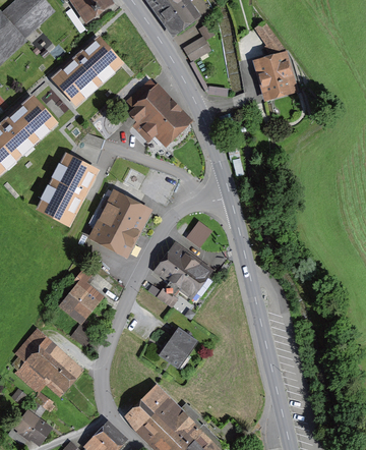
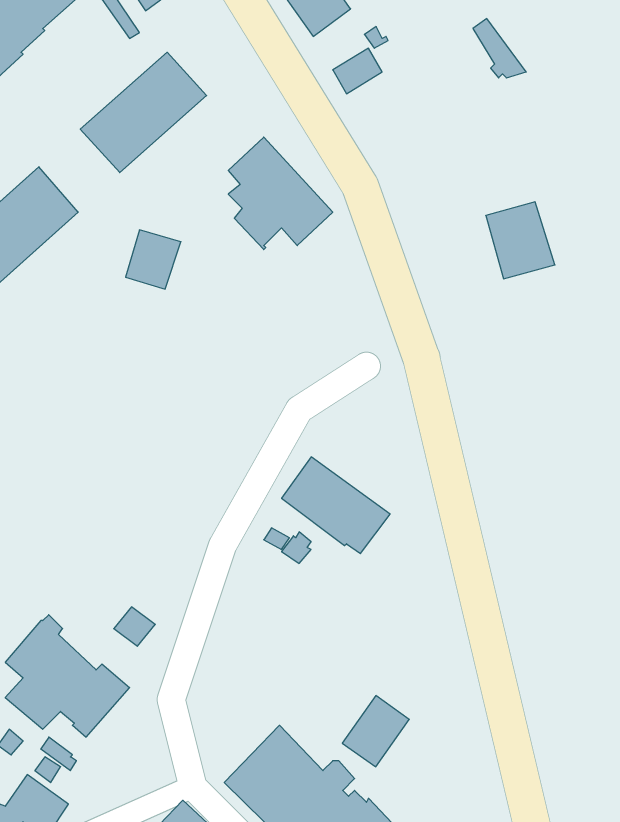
building: [259,56,295,96] -> [486,202,555,279]
building: [40,157,94,223] -> none
building: [96,196,144,255] -> none
building: [186,220,214,248] -> none
building: [62,271,98,320] -> none
building: [160,329,194,365] -> [342,696,409,767]

